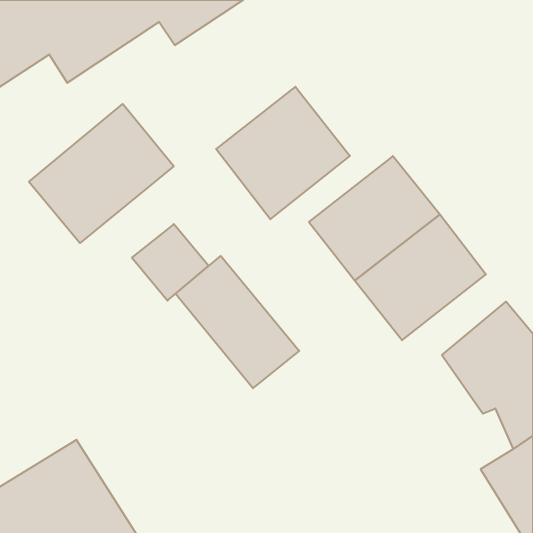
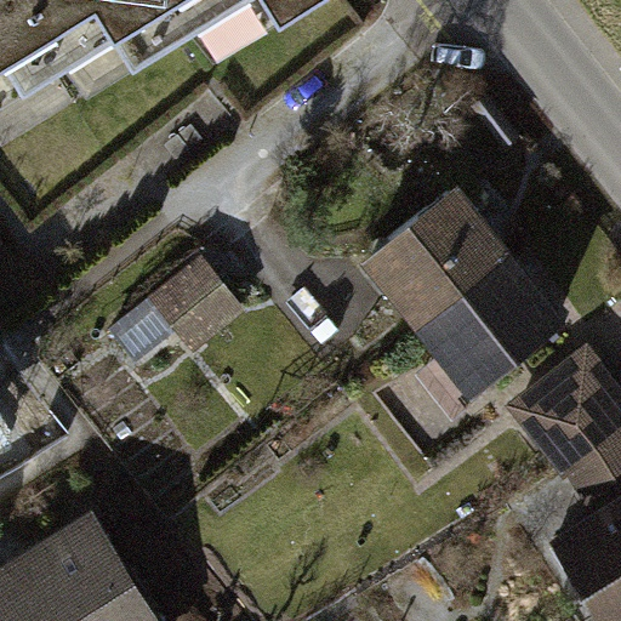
building: [216,87,350,219] -> none
building: [29,104,174,243] -> none
building: [175,256,299,388] -> none

